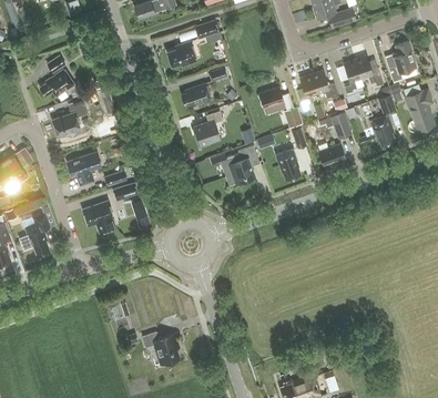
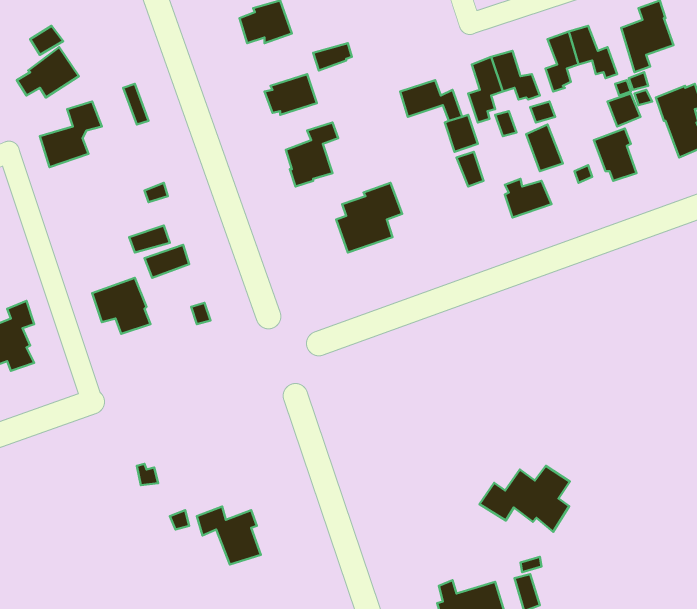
building: [275,147,299,178] -> none
building: [65,151,101,185] -> none
building: none -> [479,466,570,532]

